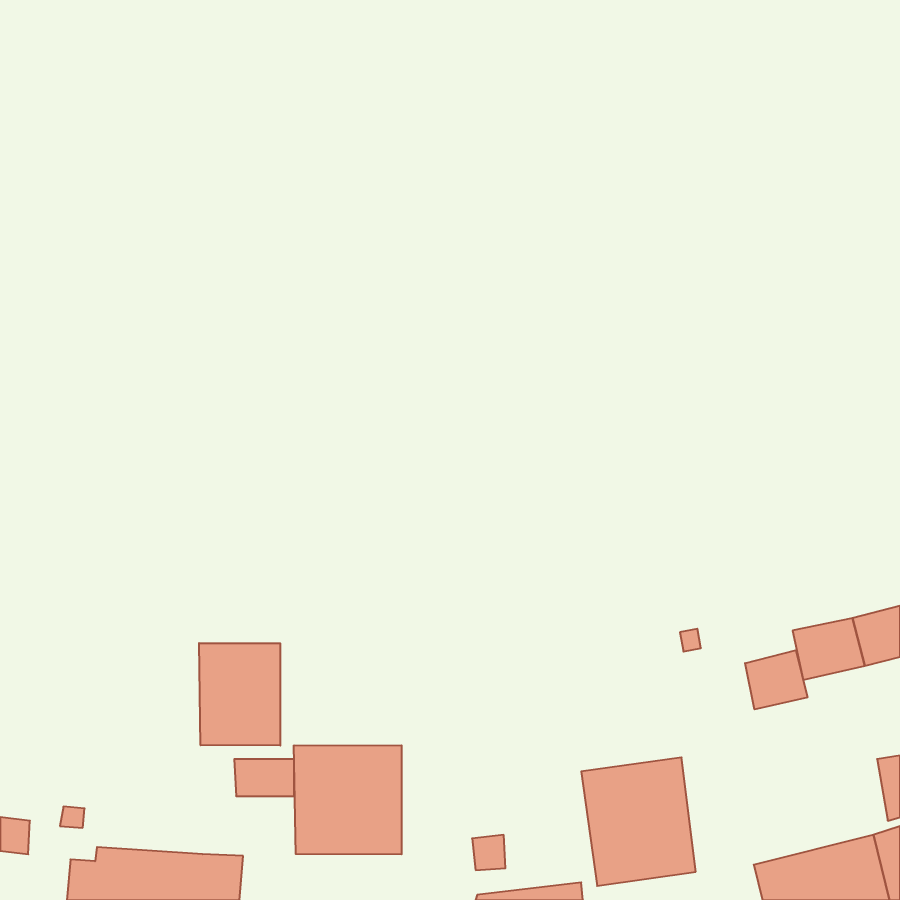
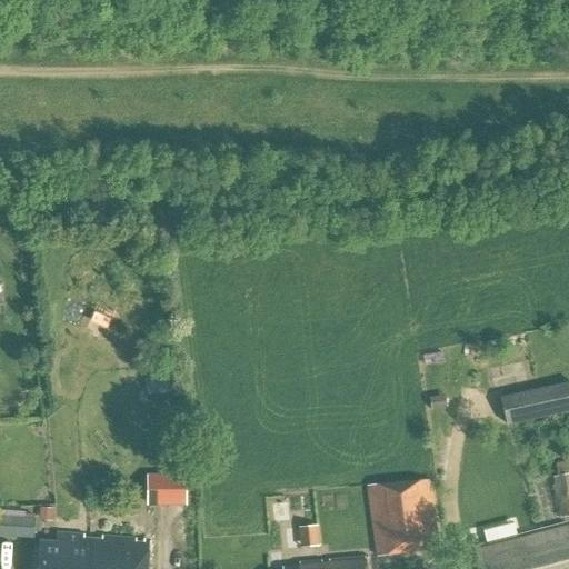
building: [199,643,280,746] -> none
building: [745,650,807,709] -> none
building: [294,745,402,854] -> none

